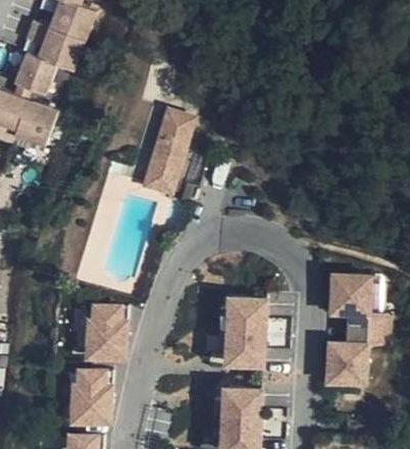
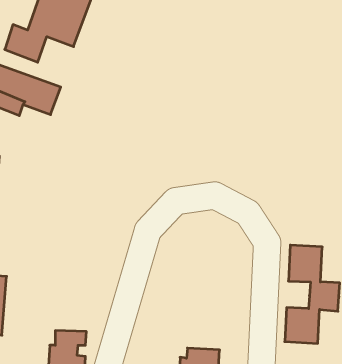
building: [139,112,192,196] -> none
building: [213,303,259,370] -> none
building: [81,306,122,360] -> none

